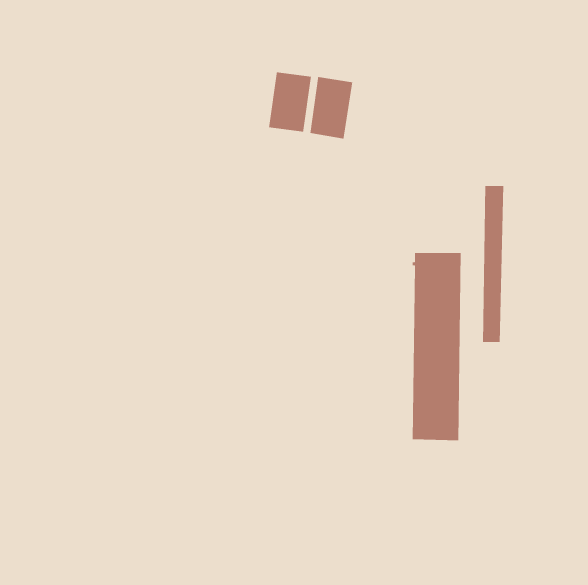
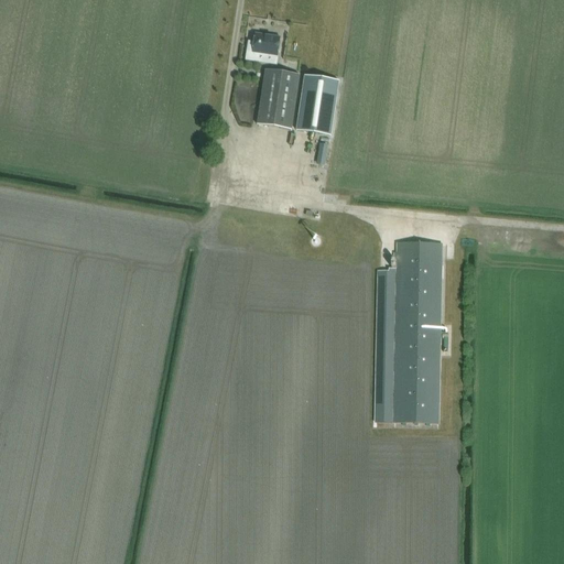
building: none -> [253,31,281,54]
building: [482,185,504,343] -> [375,269,395,420]

